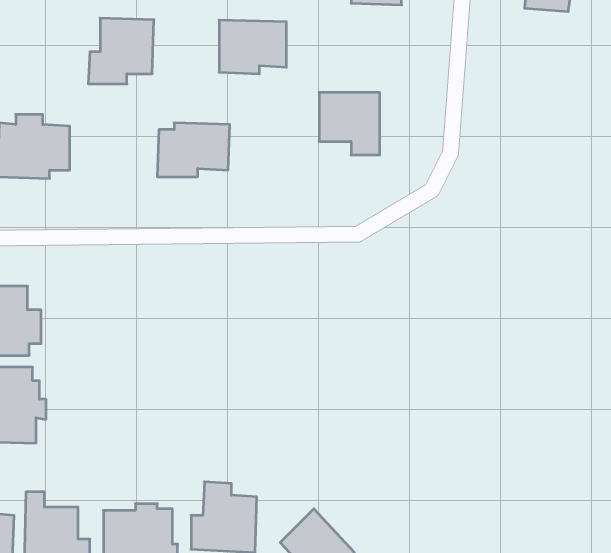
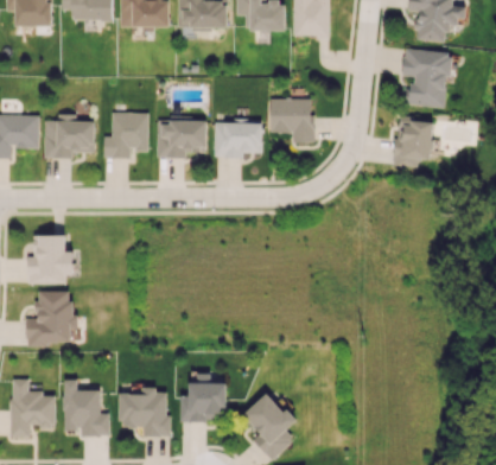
building: [88,18,154,84] -> [103,112,150,158]
building: [219,20,286,74] -> [215,120,262,158]
building: none -> [402,49,451,108]
building: none -> [395,115,433,166]

